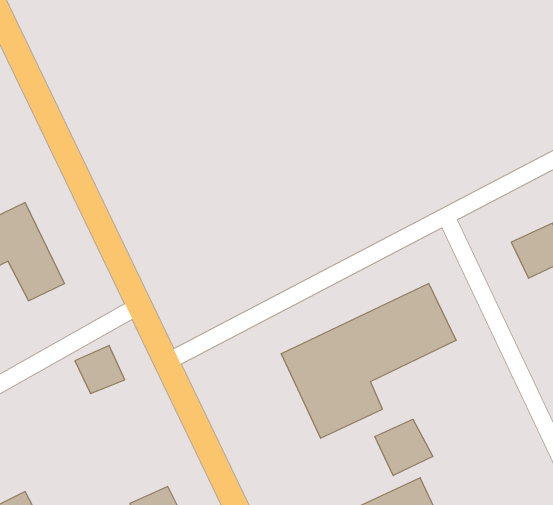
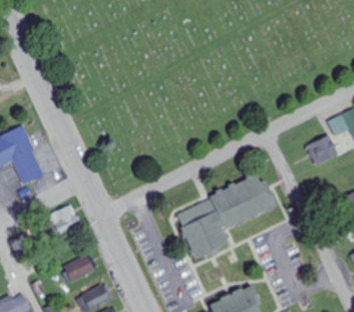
building: [375,419,433,476] -> none
building: none -> [62,255,96,284]

